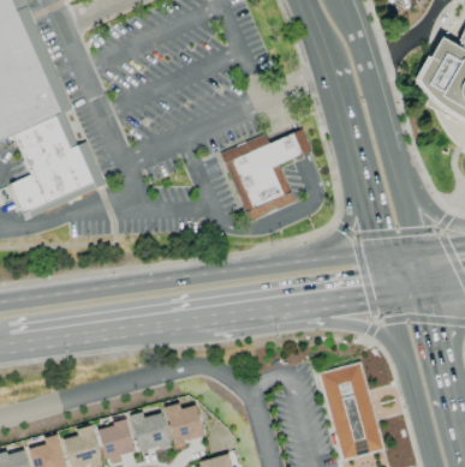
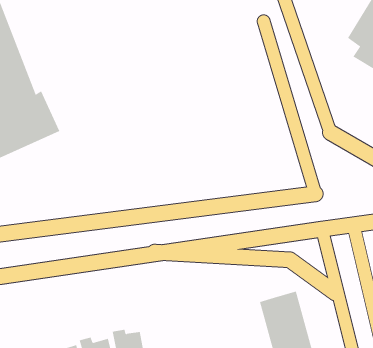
building: [231,132,308,223] -> none

